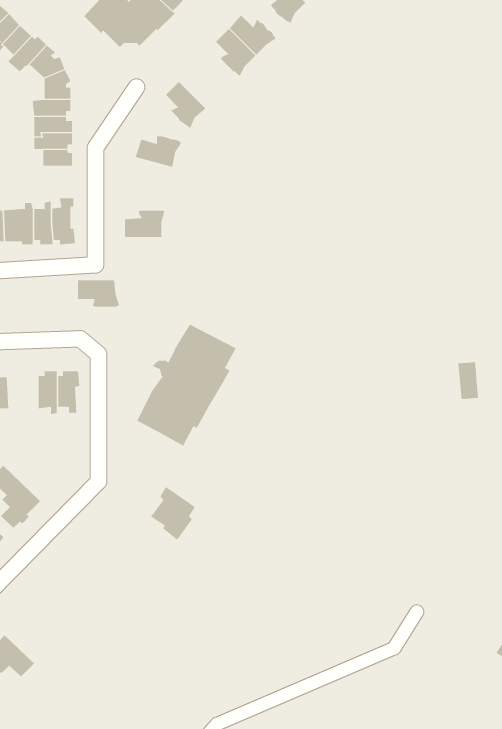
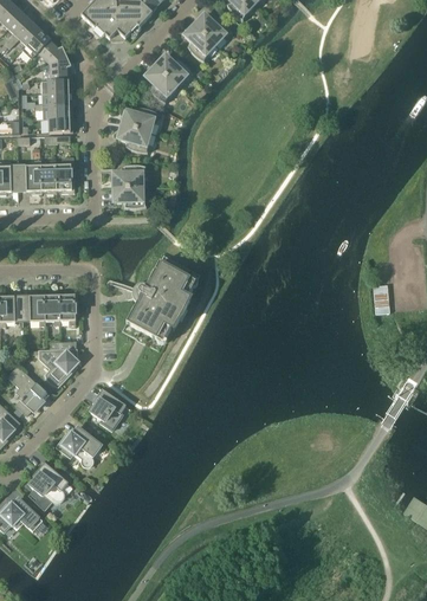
building: none -> [155,54,193,86]
building: none -> [117,124,150,153]
building: [77,280,119,307] -> [112,187,145,208]
building: none -> [21,292,46,325]
building: none -> [28,348,79,386]
building: [150,486,196,541] -> [90,388,125,431]
building: none -> [57,426,102,466]
building: none -> [28,461,71,510]

